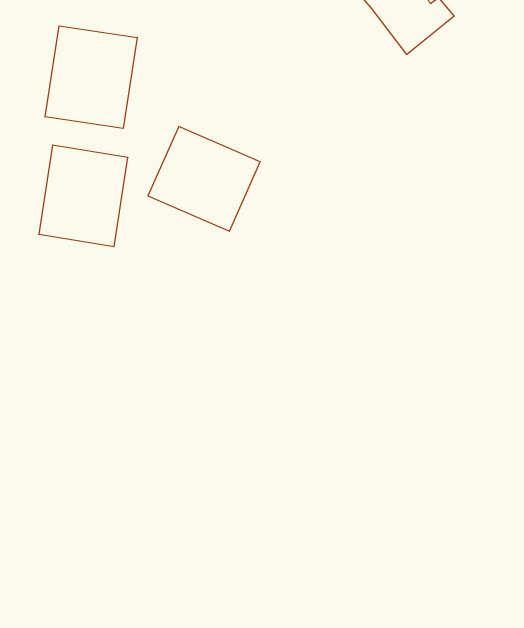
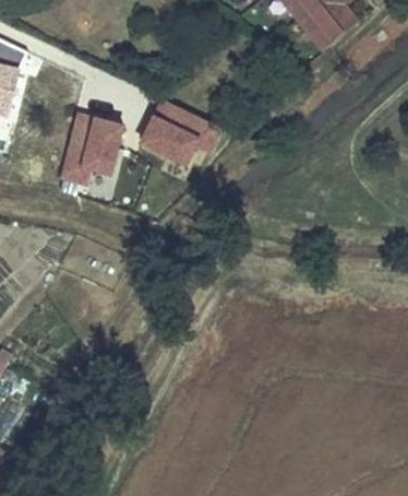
building: [45,26,137,128] -> none

